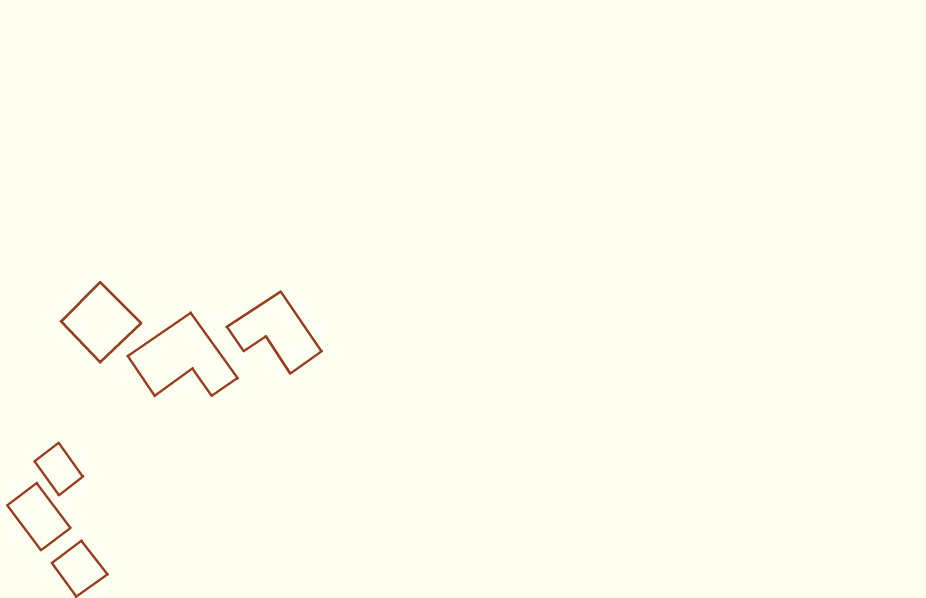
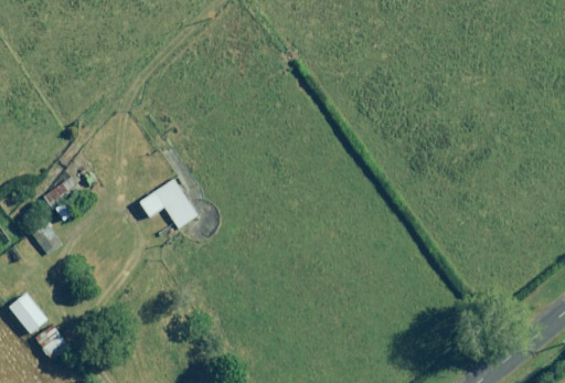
building: [128,313,238,396] -> none
building: [35,443,83,495] -> [32,224,61,255]

